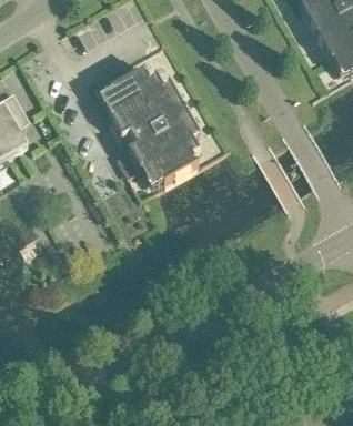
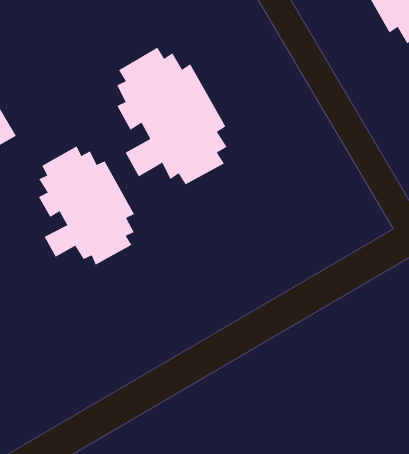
building: none -> [38,145,135,266]

